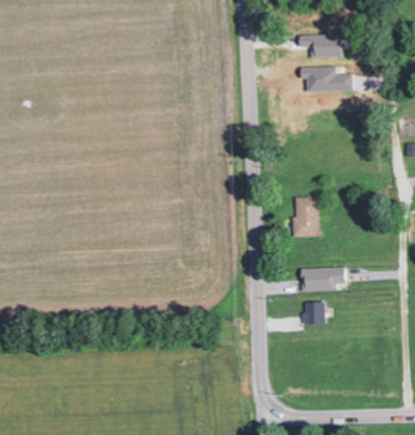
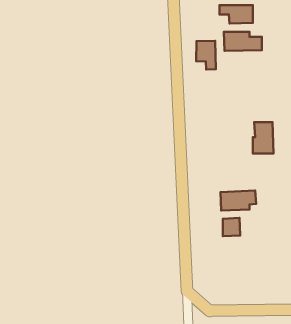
building: none -> [196,41,216,69]
building: [292,197,318,237] -> [253,122,273,154]

